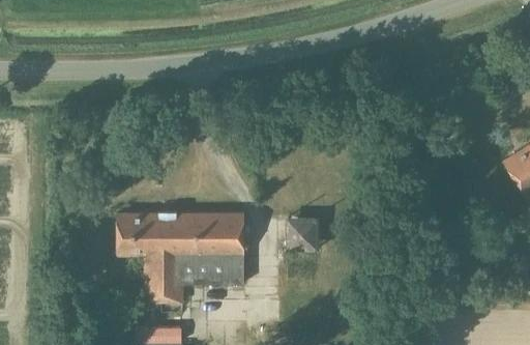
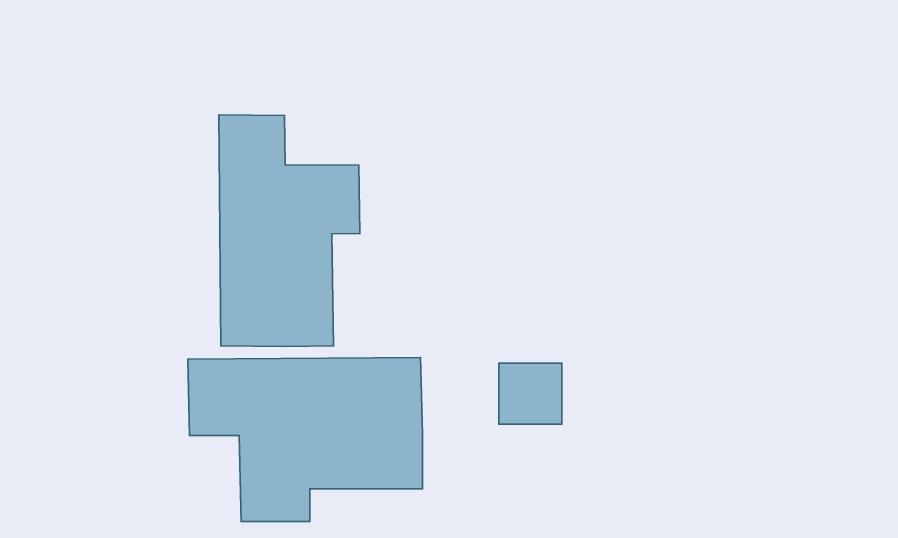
building: none -> [219,115,360,347]

